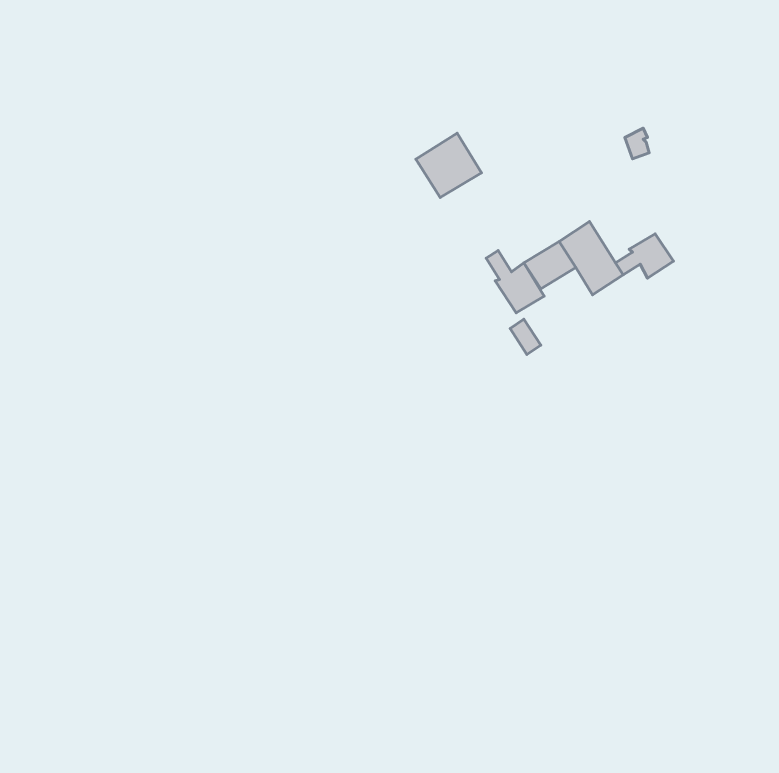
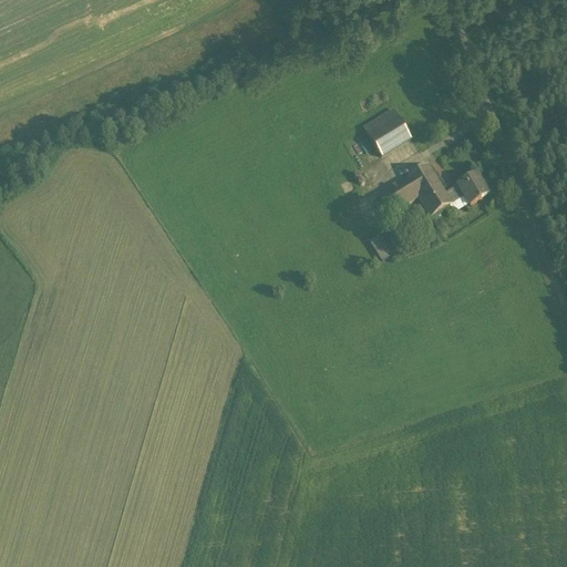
building: [416,133,482,197] -> [364,106,412,153]
building: [486,250,544,313] -> none

